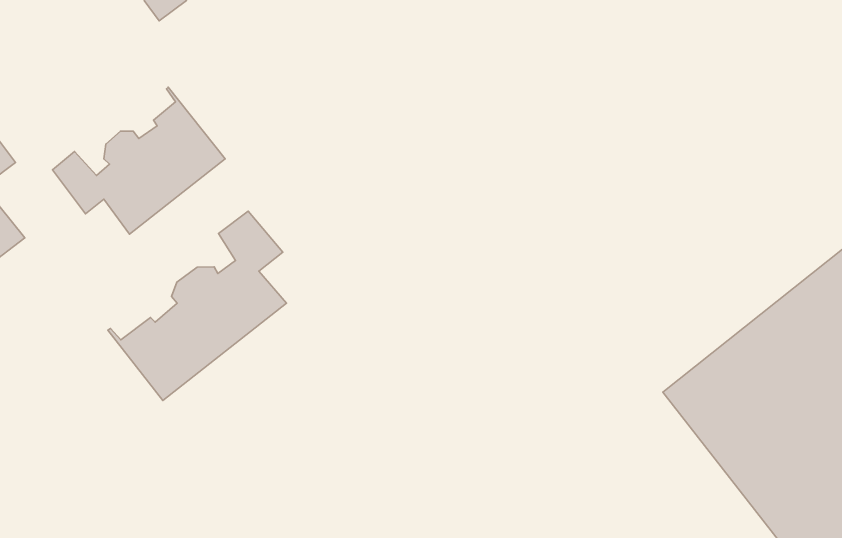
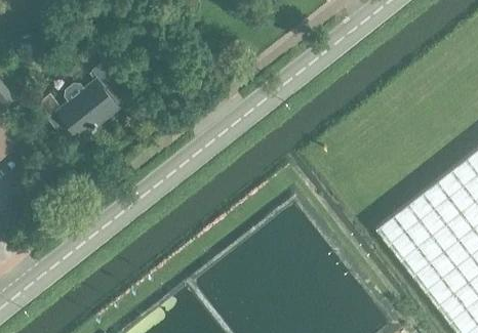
building: [108,211,286,401] -> none

